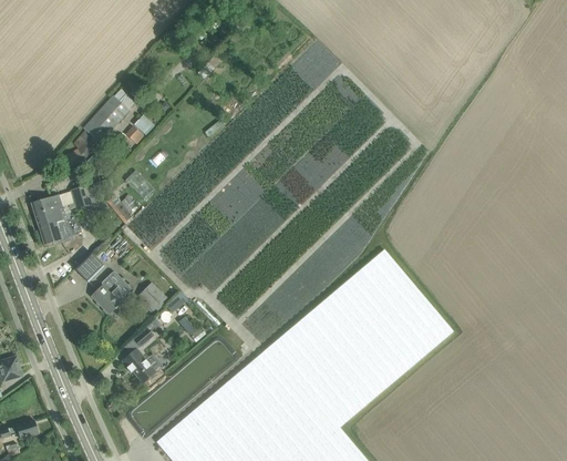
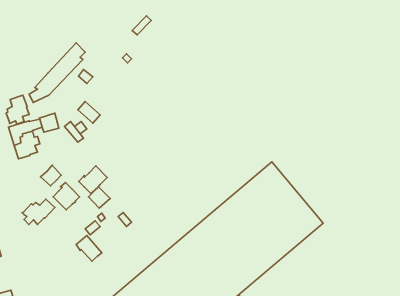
building: none -> [6,95,29,124]
building: none -> [79,166,107,194]
building: none -> [22,199,55,225]

